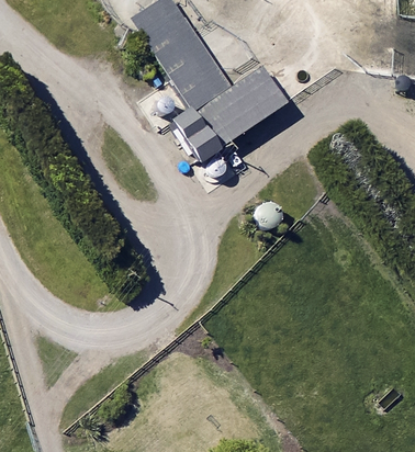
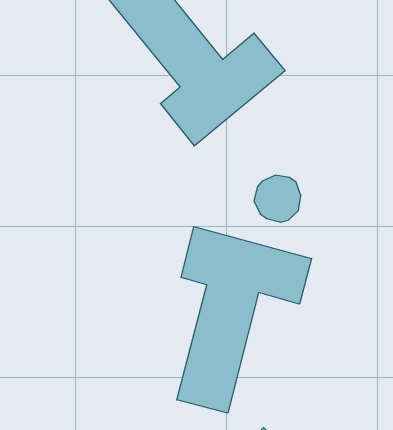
building: none -> [177,227,312,413]

